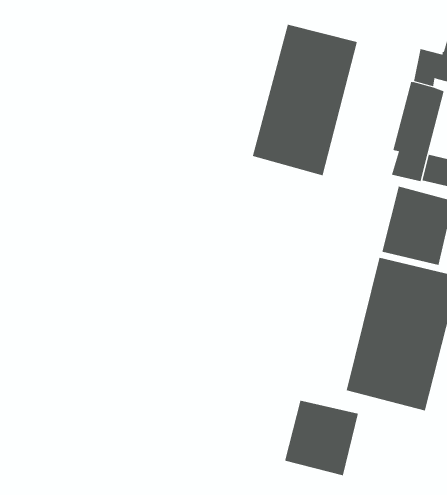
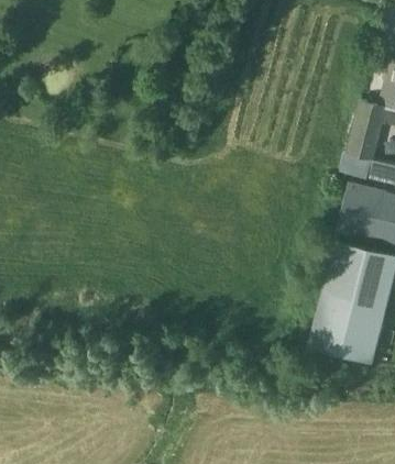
building: [252,24,357,176] -> none
building: [284,400,359,476] -> none

